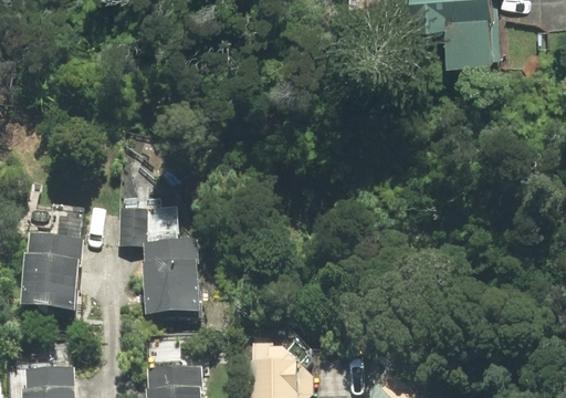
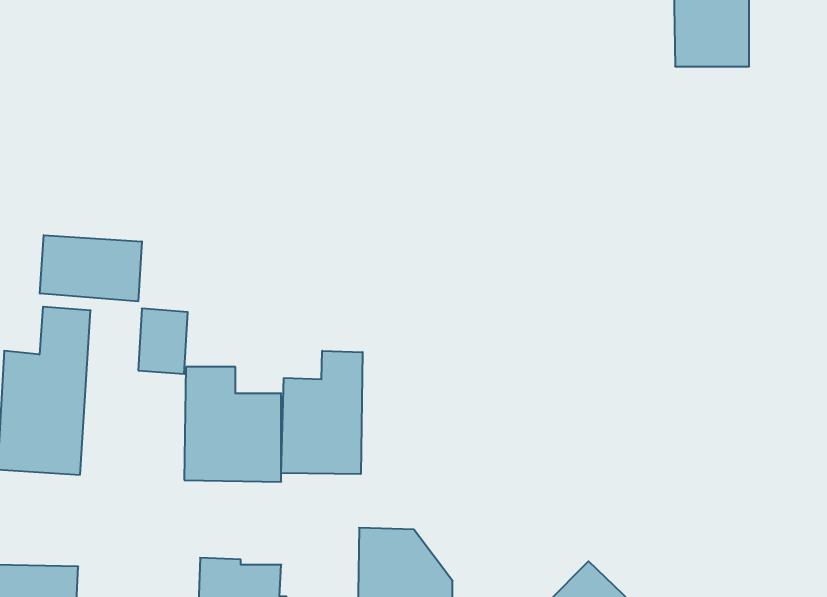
building: none -> [40,235,142,301]
building: none -> [281,351,363,474]

